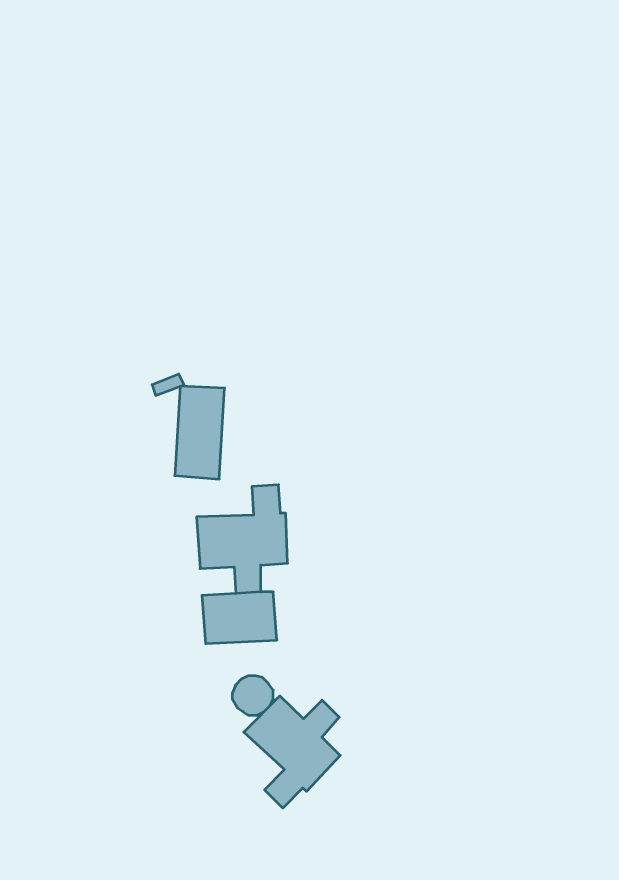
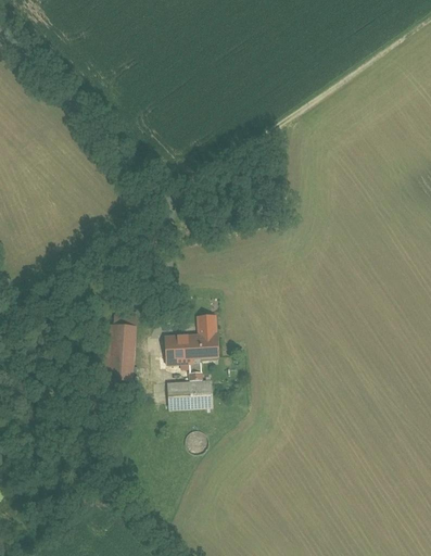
building: [175,386,225,479] -> [105,324,136,380]
building: [244,696,340,808] -> none

